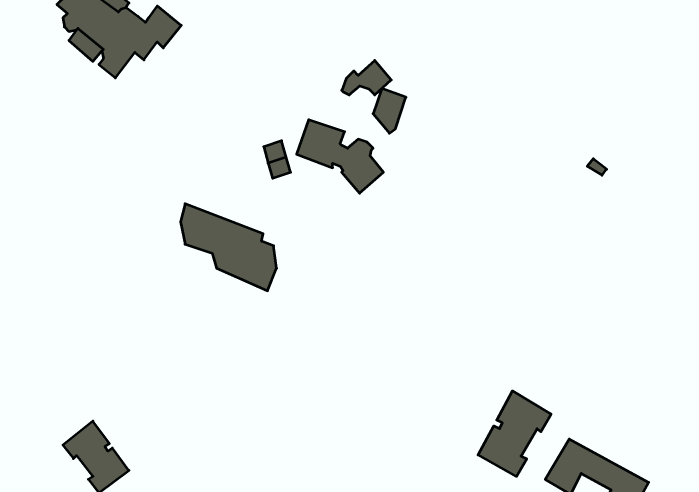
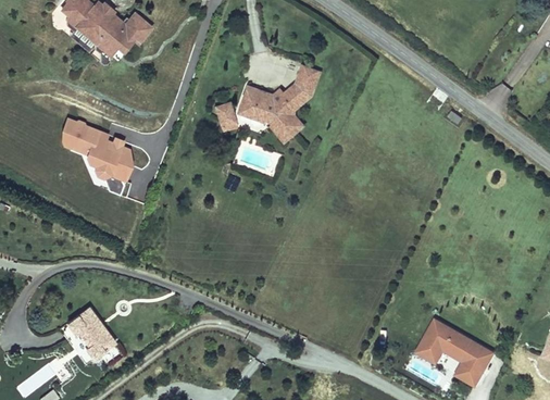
building: [342,60,391,95] -> [270,84,305,109]
building: [181,204,277,291] -> [64,124,134,187]
building: [478,391,551,476] -> none

